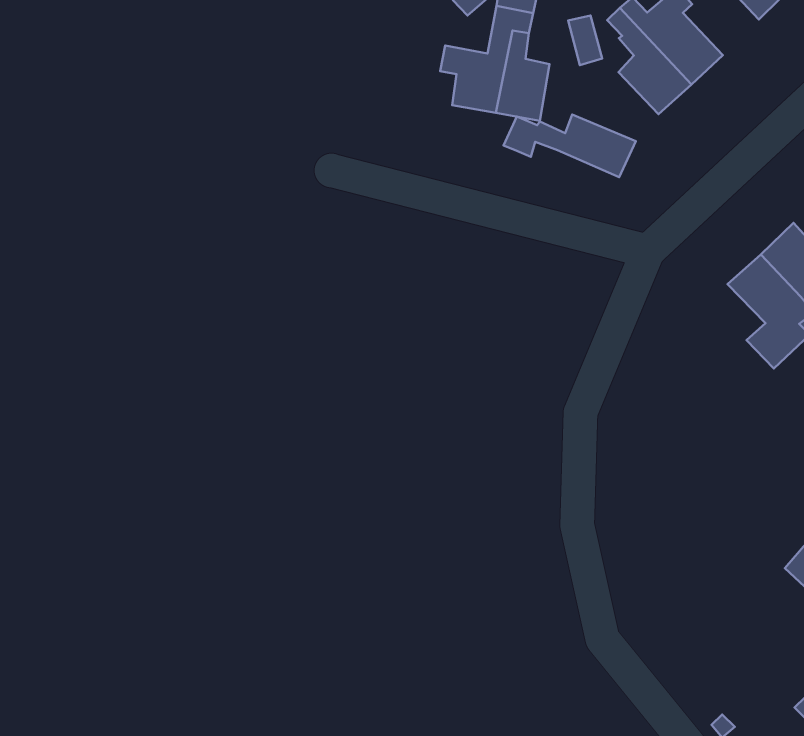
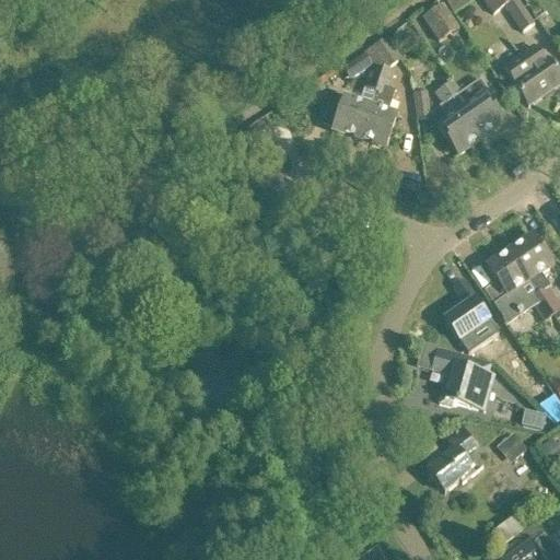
building: [504,114,636,177] -> none
building: none -> [445,277,490,338]
building: none -> [432,353,495,408]
building: none -> [428,424,477,490]

